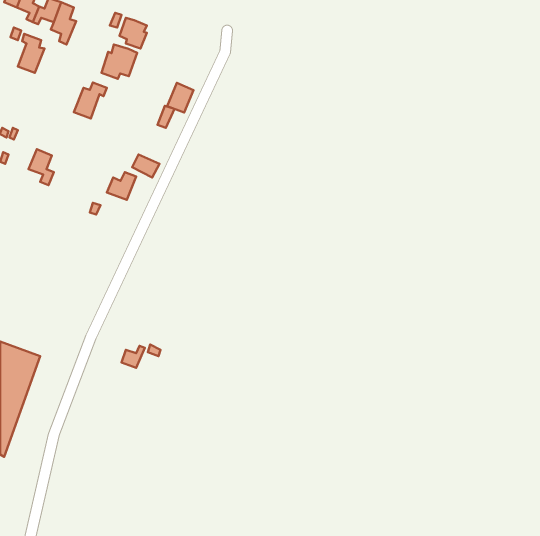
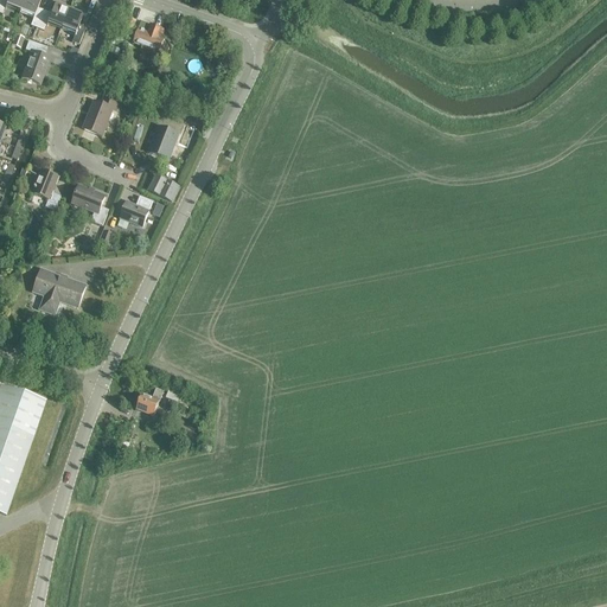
building: [101,44,137,79] -> none
building: [167,83,194,113] -> [148,123,178,156]
building: none -> [71,183,109,223]
building: none -> [33,267,85,308]

